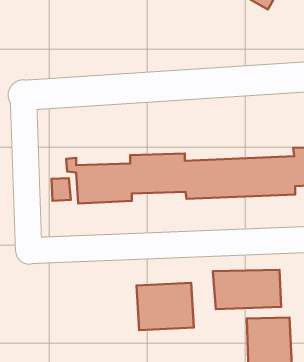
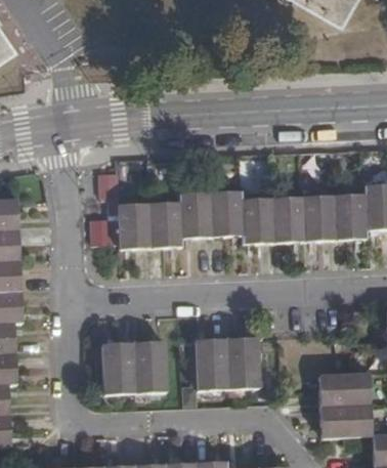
building: [213,270,281,309] -> none
building: none -> [101,340,165,394]

